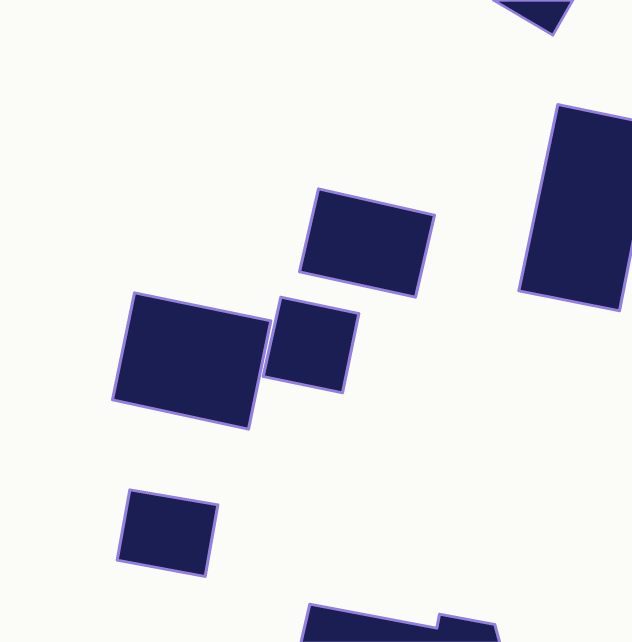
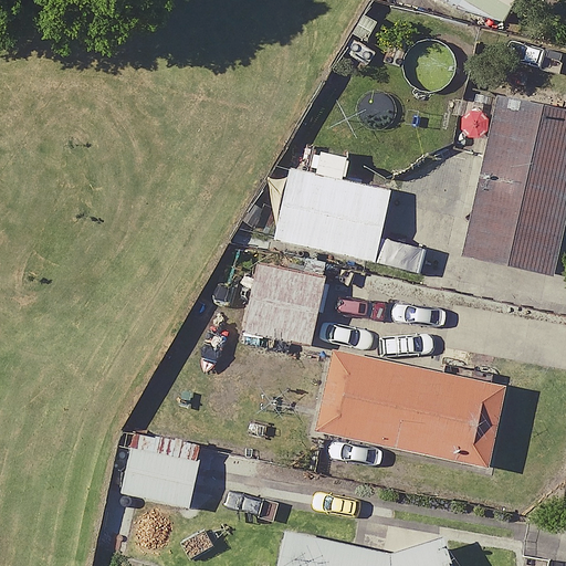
building: [113,293,271,429] -> none
building: none -> [314,352,504,467]

